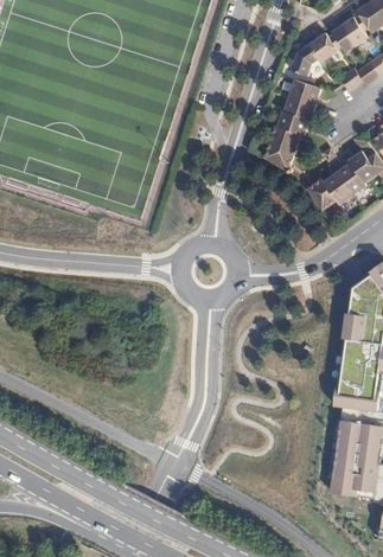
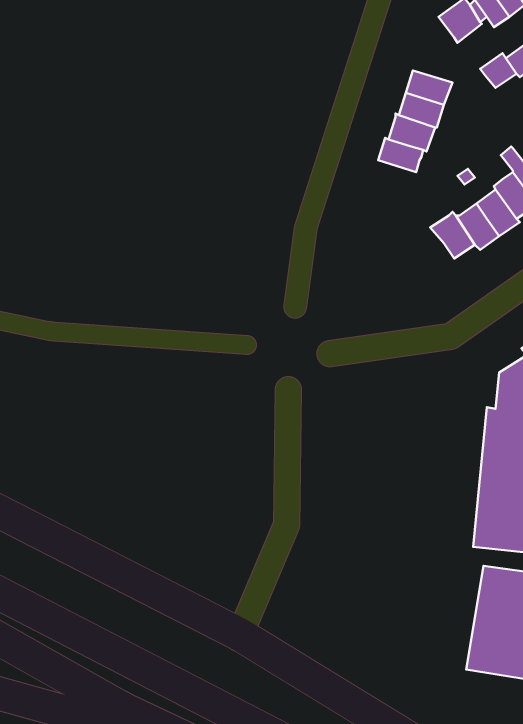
building: [294,41,321,75] -> none
building: [263,140,295,171] -> none

